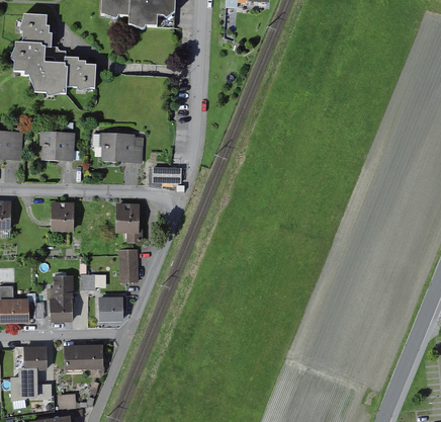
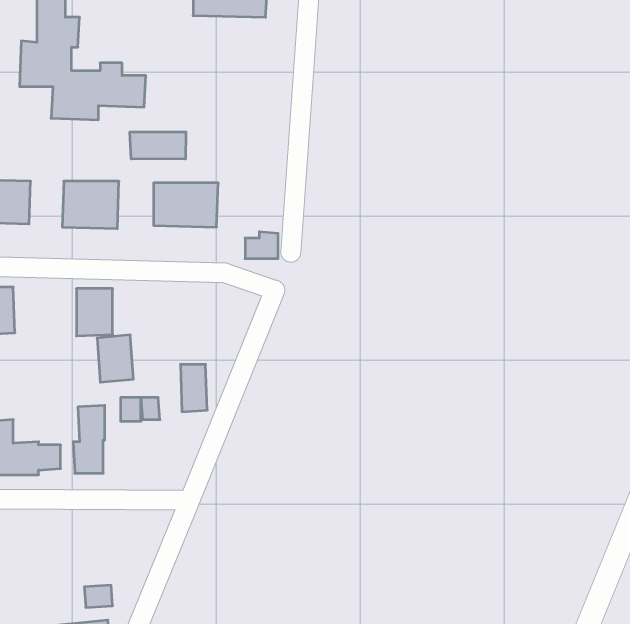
building: none -> [130,132,186,159]
building: [115,201,139,232] -> [97,335,133,382]
building: [98,299,119,321] -> none
building: [63,342,104,368] -> none
building: [9,347,49,400] -> none

